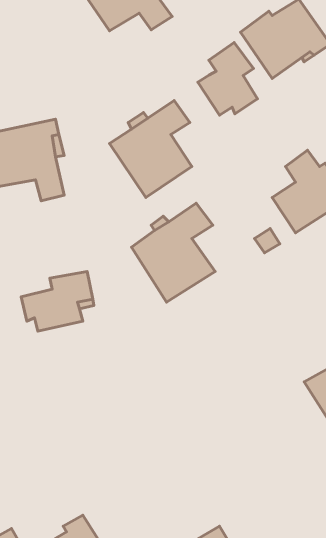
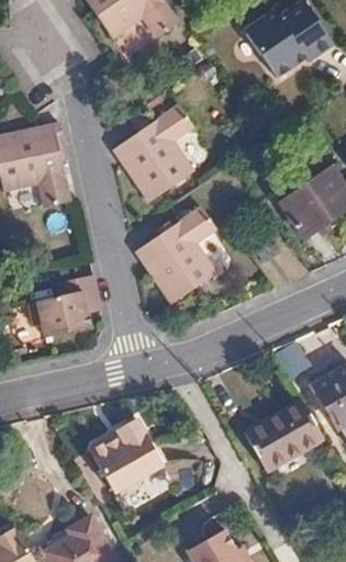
building: [198,43,258,115] -> none
building: none -> [245,403,322,471]
building: none -> [91,420,166,494]

